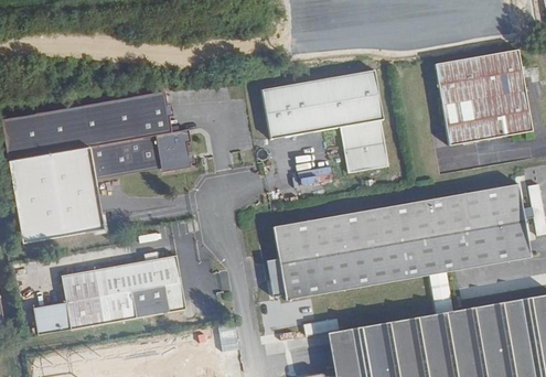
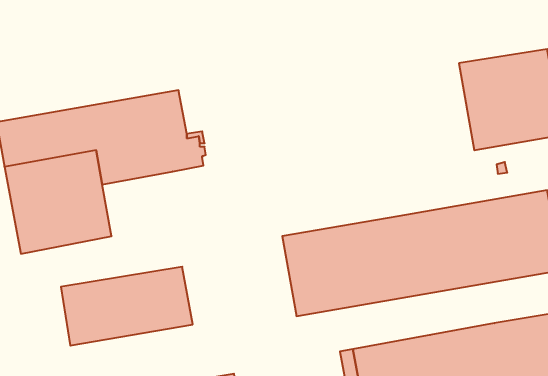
building: [261,71,387,172] -> none
building: [33,301,71,334] -> none

